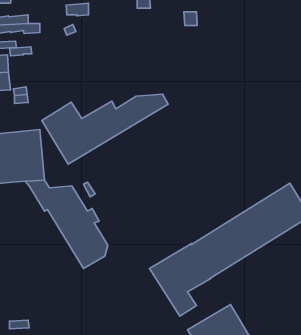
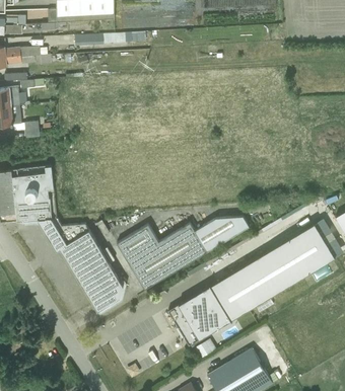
building: [42,94,168,164] -> [117,217,249,290]

